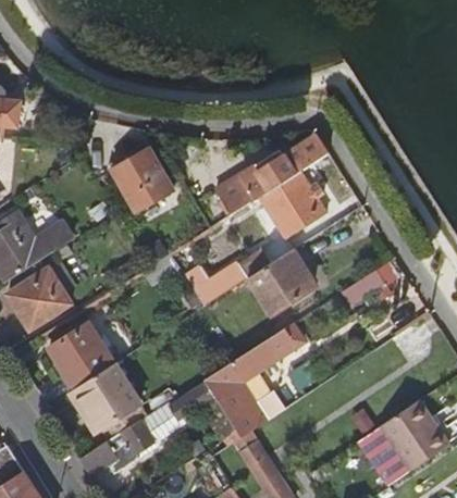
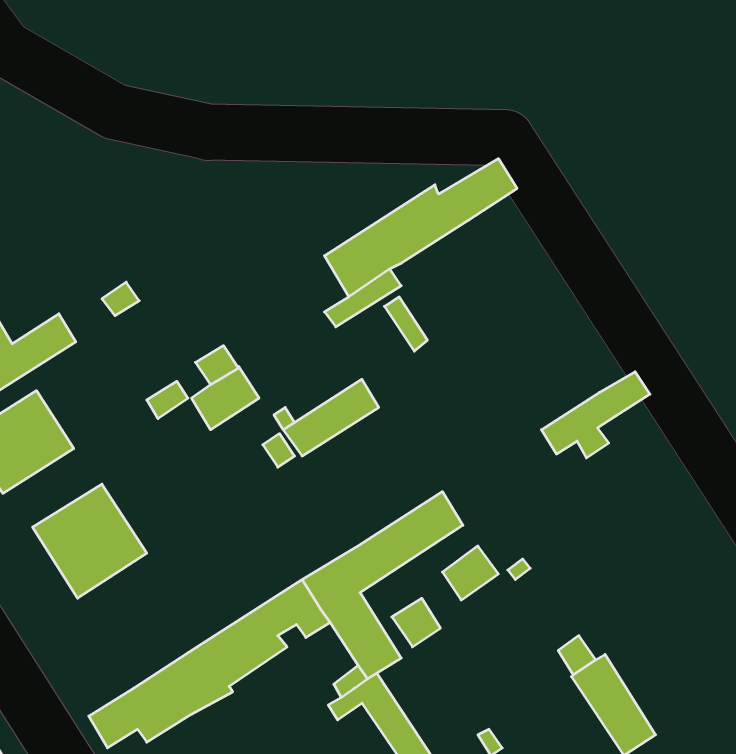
building: [110,148,173,212] -> none
building: [261,170,329,237] -> none
building: [248,249,313,315] -> none
building: [73,363,143,441] -> none
building: [380,396,449,469] -> none

